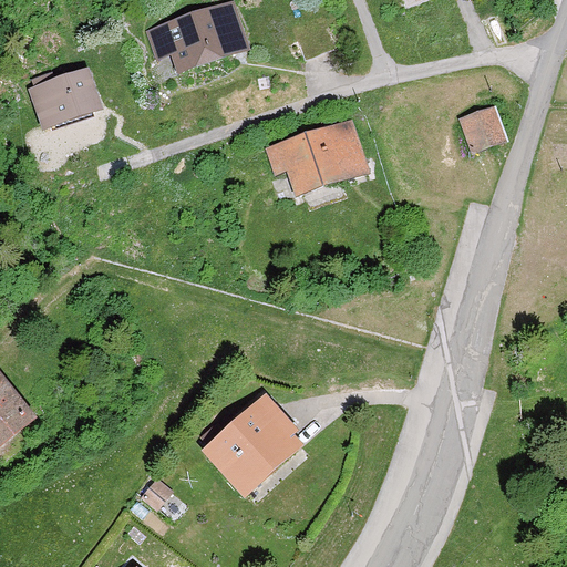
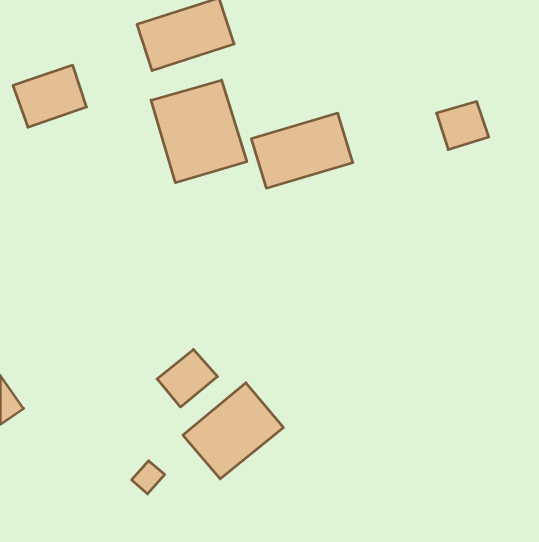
building: none -> [151,80,247,183]
building: none -> [157,349,218,407]

